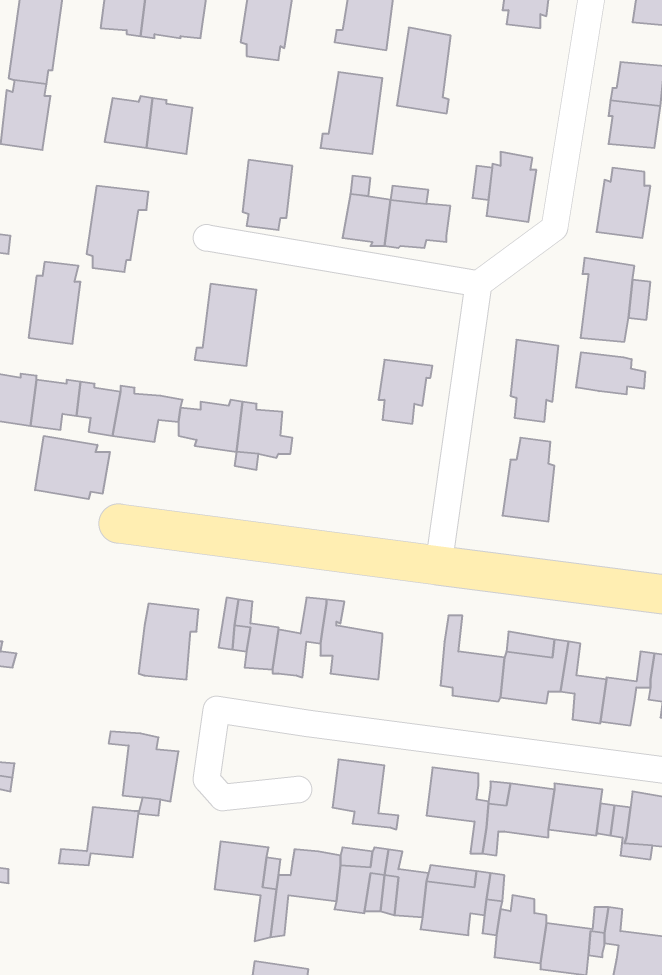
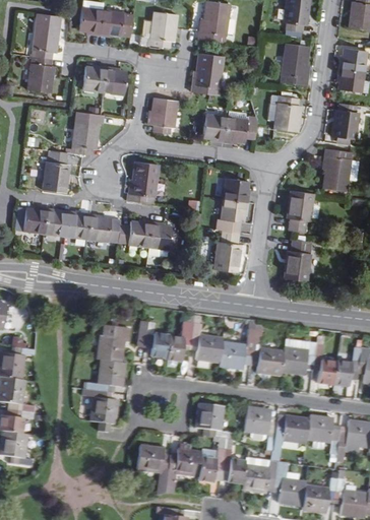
building: [397,28,451,113] -> [281,42,308,85]
building: none -> [224,178,249,203]
building: [576,352,645,394] -> none
building: none -> [214,231,240,272]
building: [35,436,110,499] -> none
building: none -> [220,328,256,369]
building: [59,807,139,865] -> [84,361,125,390]

